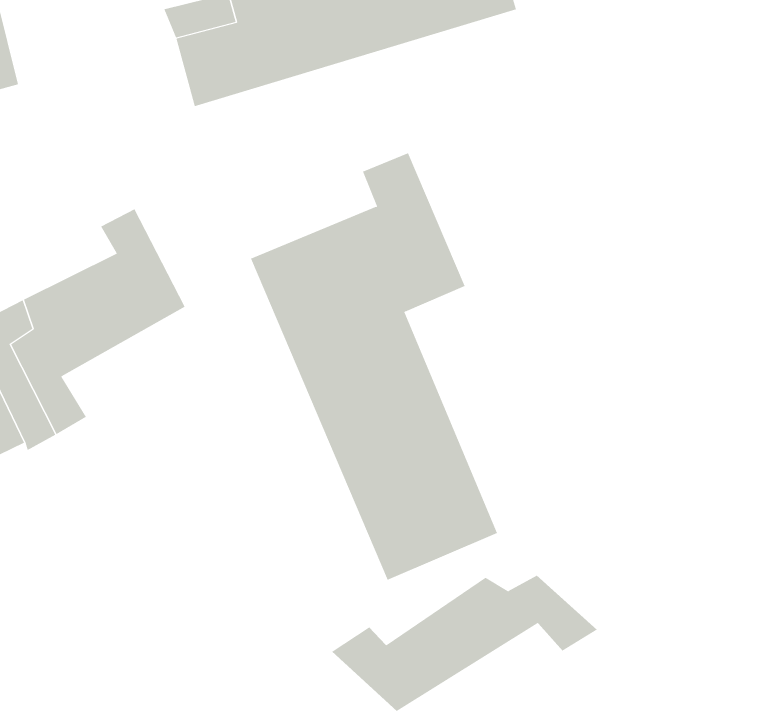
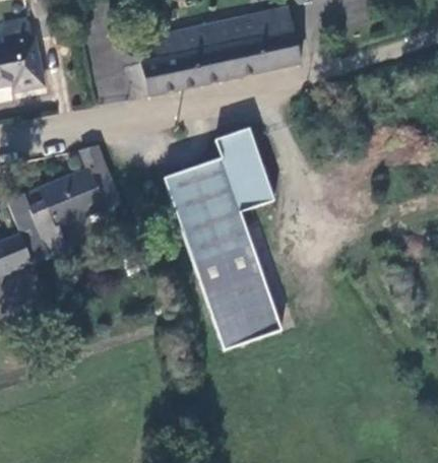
building: [331,575,598,712] -> none

